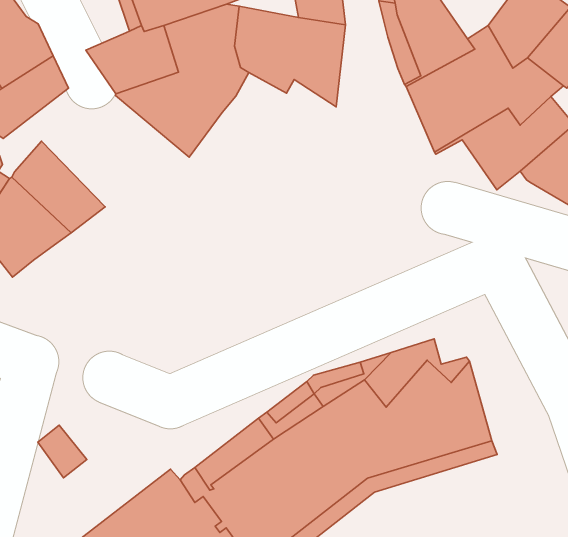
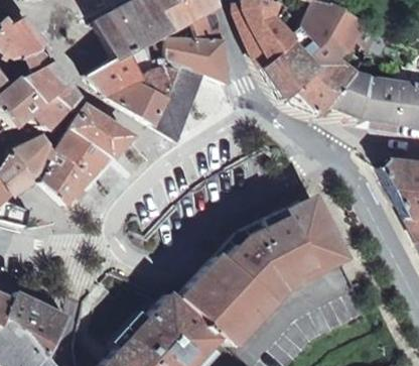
building: none -> [151,73,198,139]
building: none -> [69,106,132,158]

